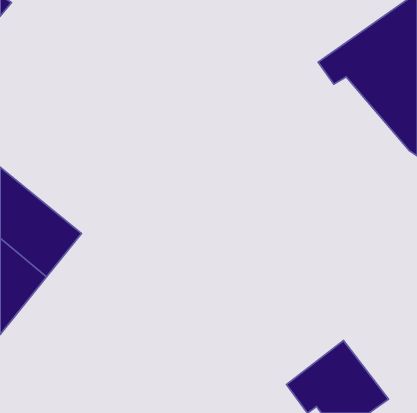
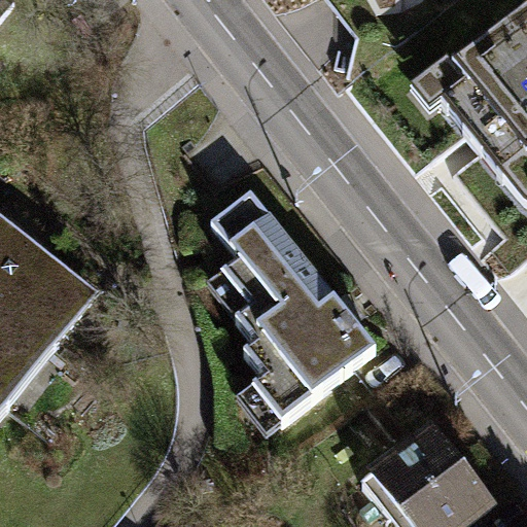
building: none -> [210,192,373,424]

